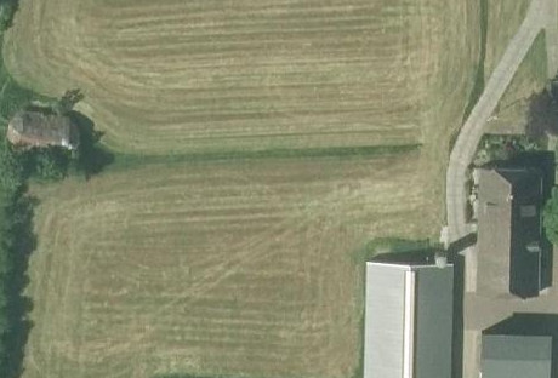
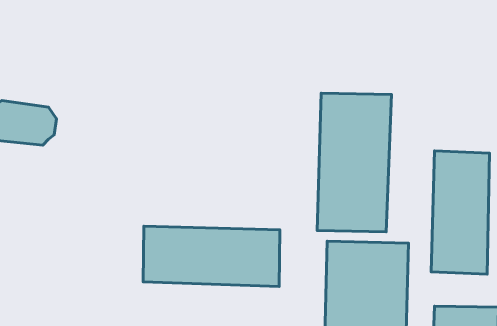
building: none -> [317,93,392,232]
building: none -> [143,226,280,286]

